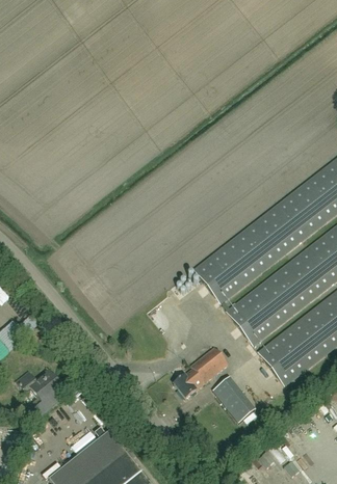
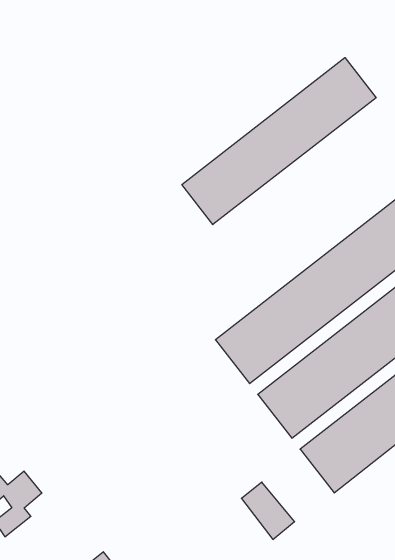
building: none -> [182,58,376,225]
building: [175,347,229,398] -> none

